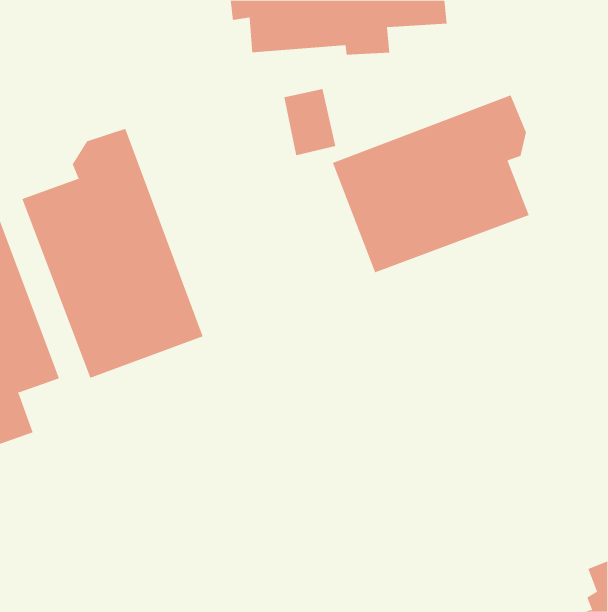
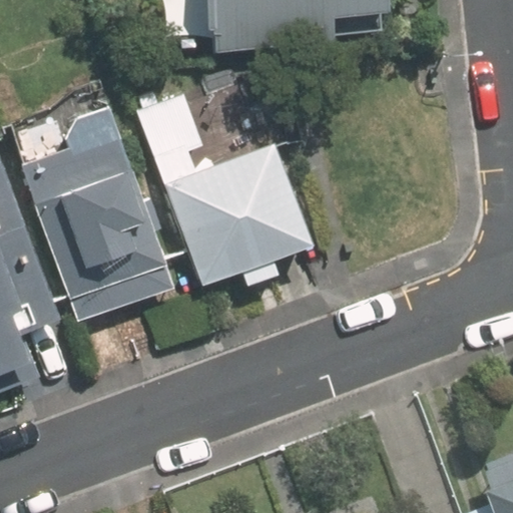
building: [332,95,529,273] -> none
building: none -> [134,87,312,286]

